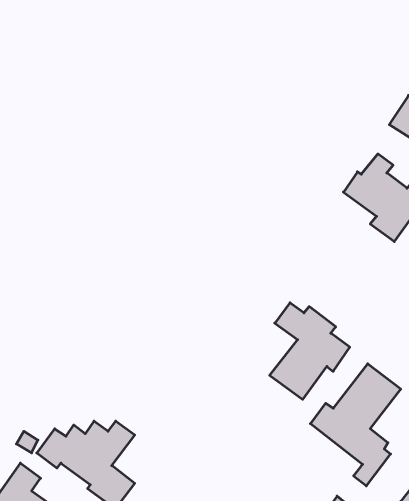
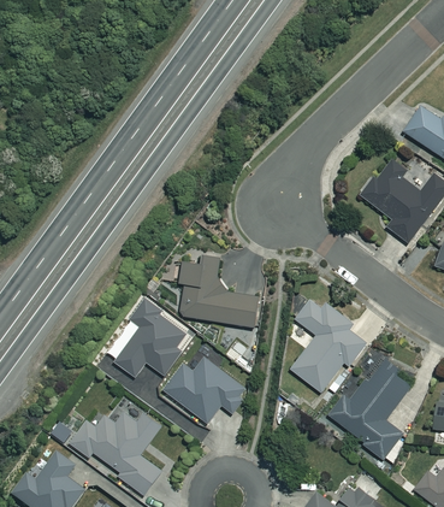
building: none -> [180,254,259,326]
building: none -> [105,297,188,377]
building: none -> [164,356,245,423]

